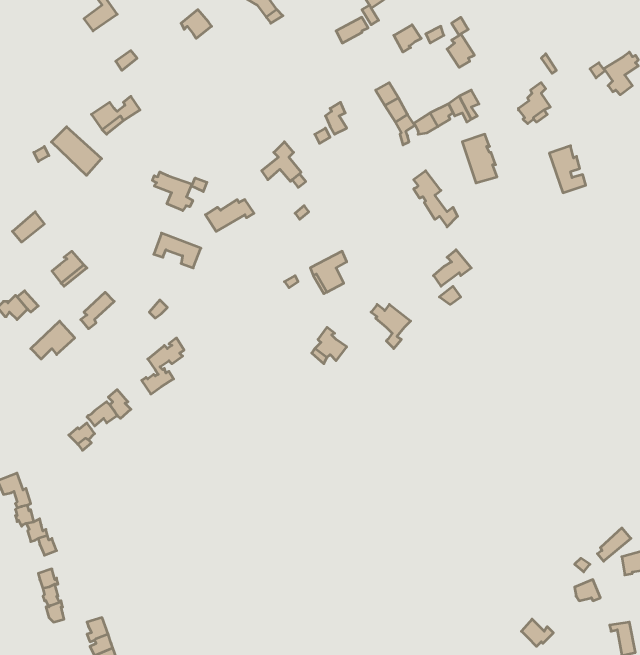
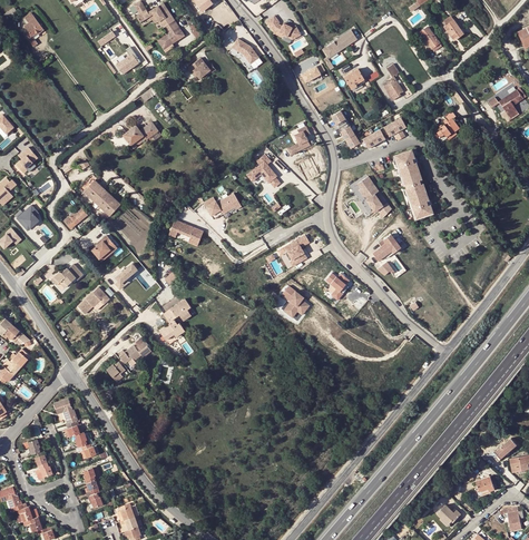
building: [51,127,102,175] -> [84,180,120,216]
building: [549,146,586,193] -> [405,184,432,218]
building: [152,172,207,211] -> none

